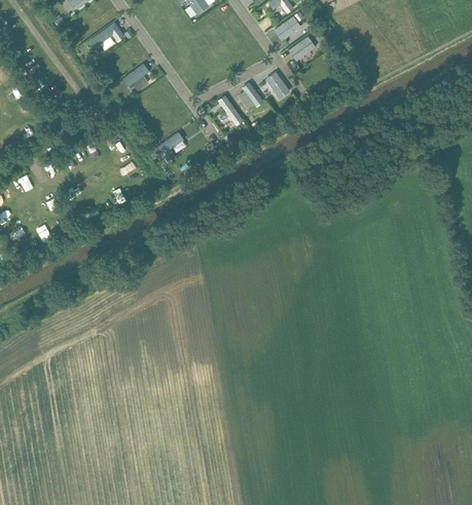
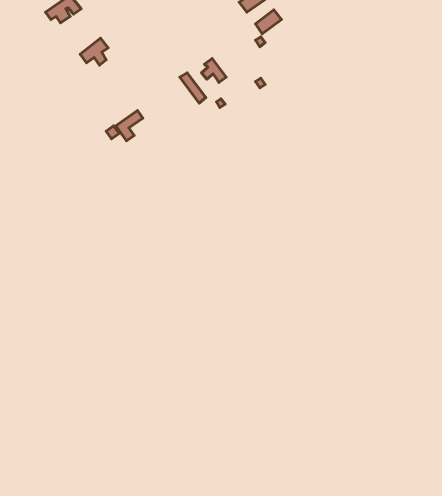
building: [260,73,289,99] -> none

